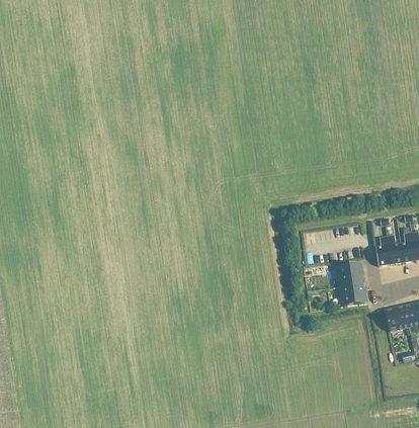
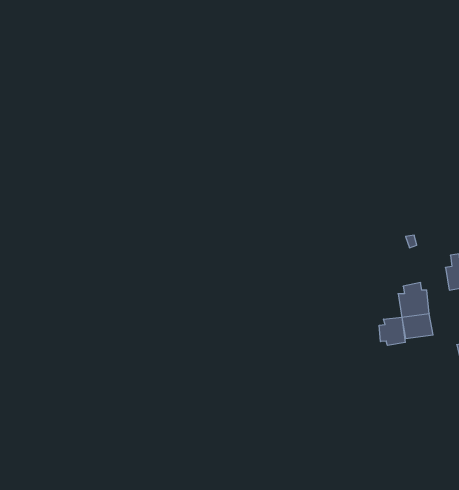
building: none -> [379,317,405,345]

